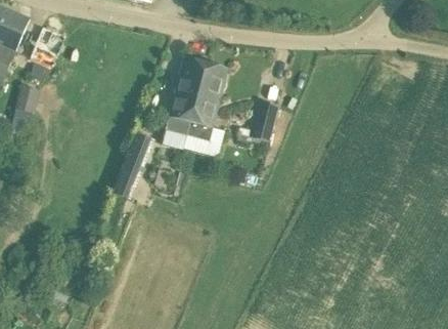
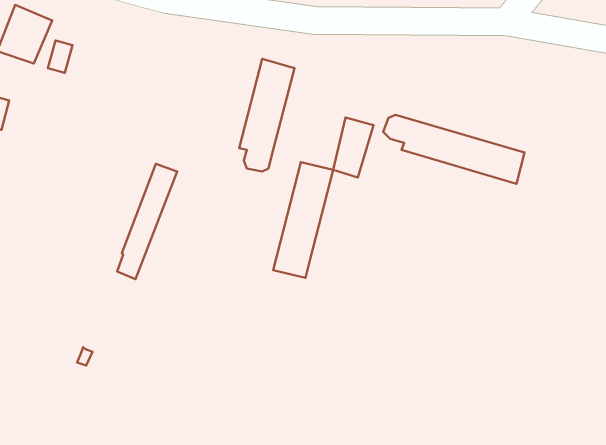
building: [166,58,206,135] -> [273,162,333,278]
building: none -> [383,115,525,184]

